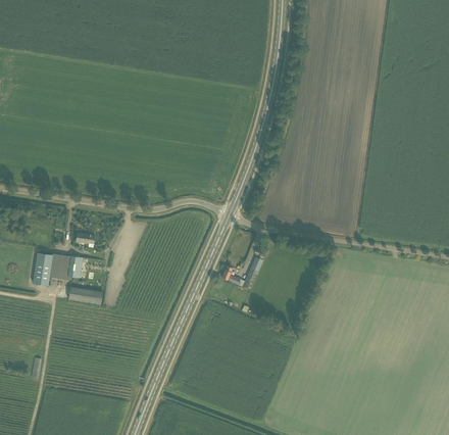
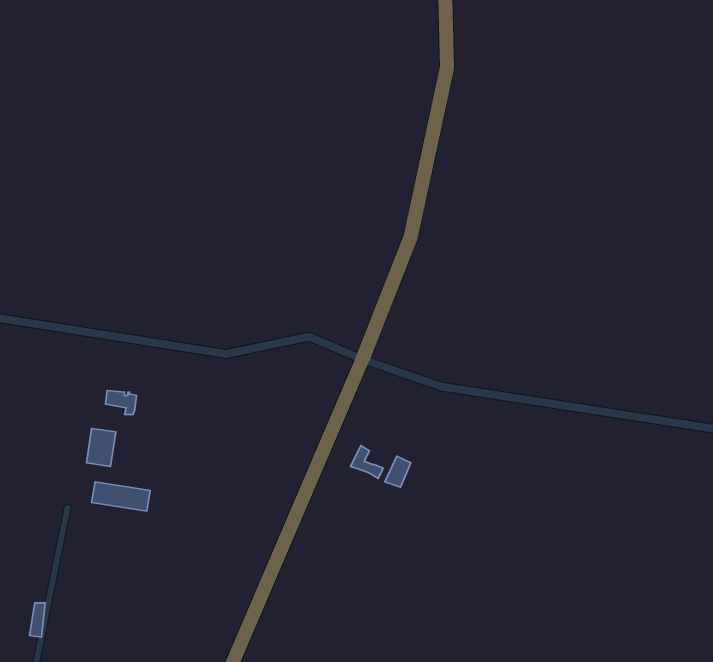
building: [32,251,52,284] -> none

